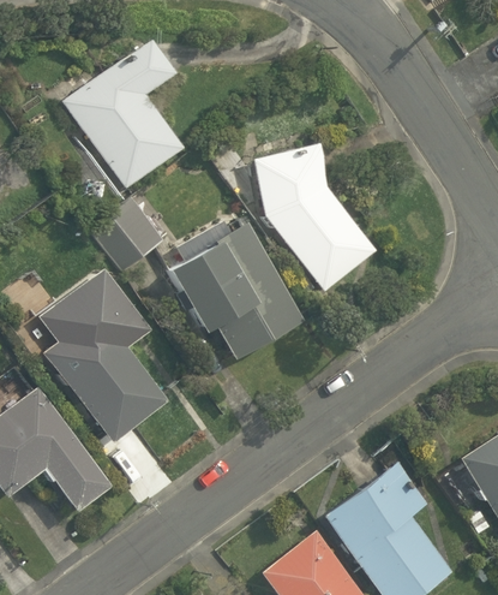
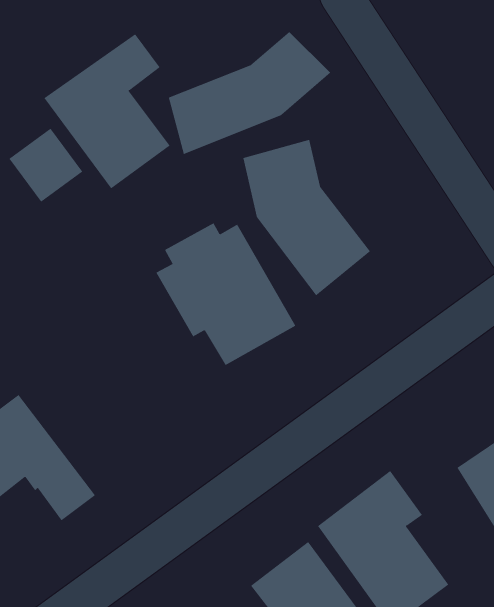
building: none -> [168,31,331,155]
building: [91,198,163,270] -> [9,128,83,203]
building: [44,291,168,442] -> none

